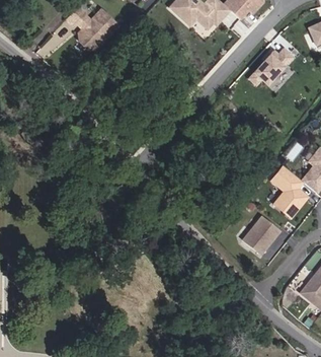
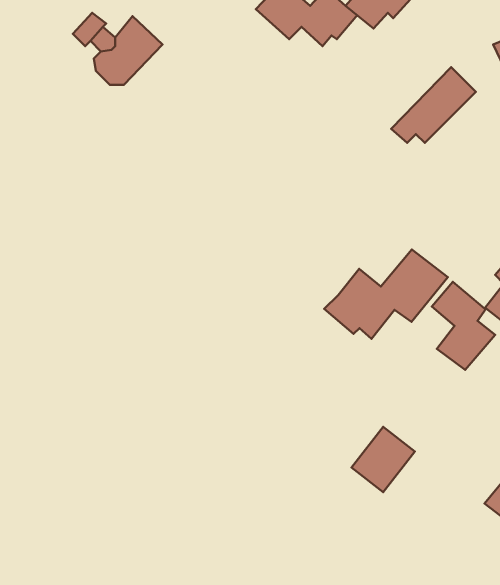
building: none -> [324,249,448,339]
building: [243,216,279,254] -> [352,427,415,492]

